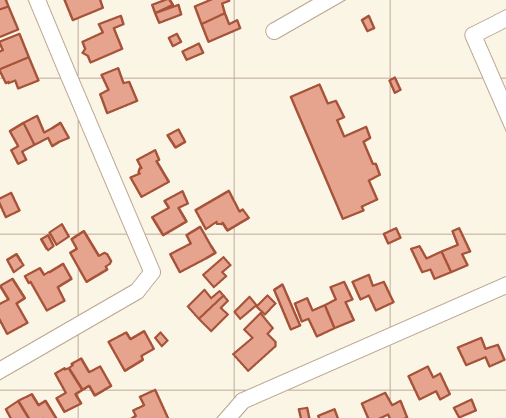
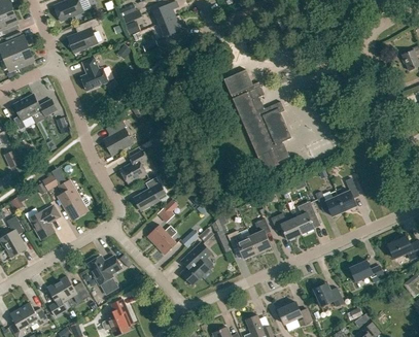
building: [195,191,249,230] -> none
building: none -> [294,200,316,233]

